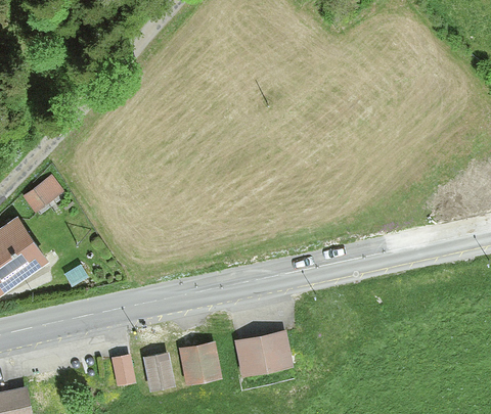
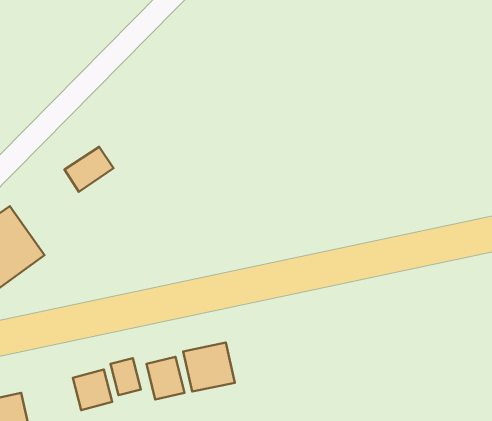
building: [19,175,64,216] -> [64,147,114,192]
building: [232,331,293,379] -> none
building: none -> [73,370,112,410]

